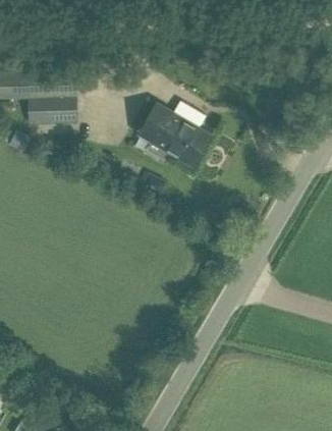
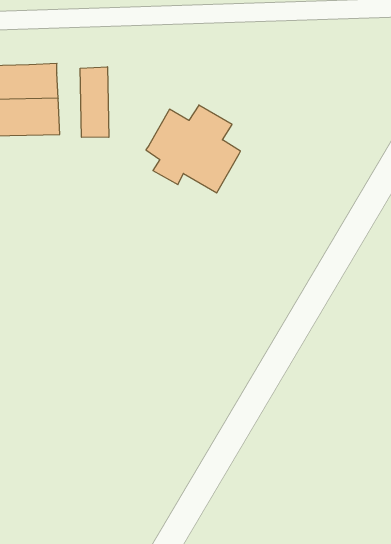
building: none -> [80,67,109,137]

